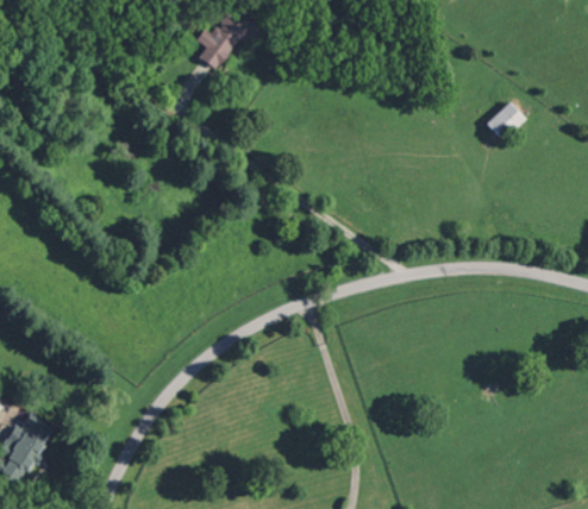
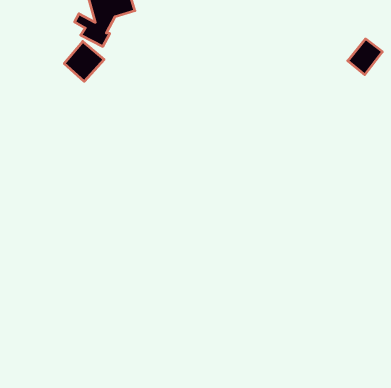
building: none -> [64,41,104,81]

